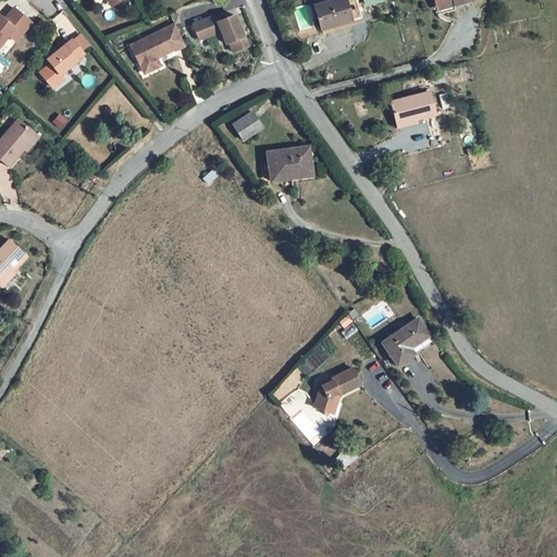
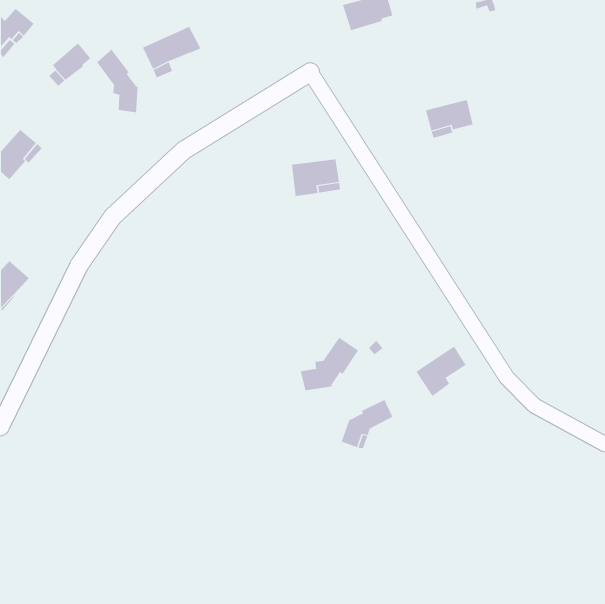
building: [193,13,247,51] -> none
building: none -> [96,49,138,113]
building: [233,110,263,139] -> none
building: none -> [300,337,359,391]

